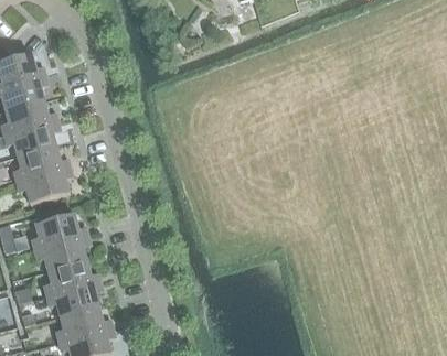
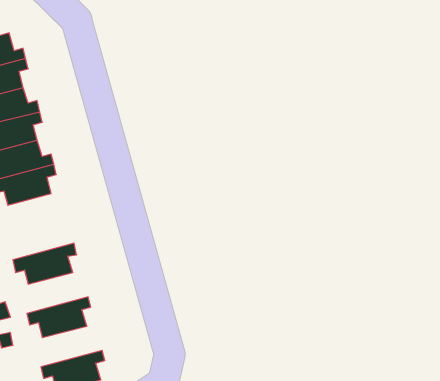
building: [31,214,87,249] -> none
building: [43,260,99,295] -> none
building: [55,306,111,342] -> none

